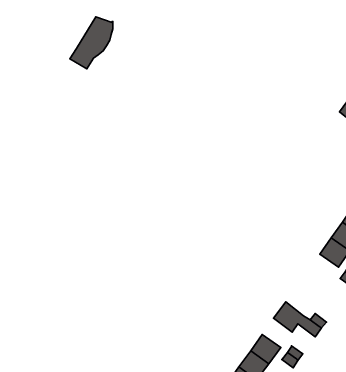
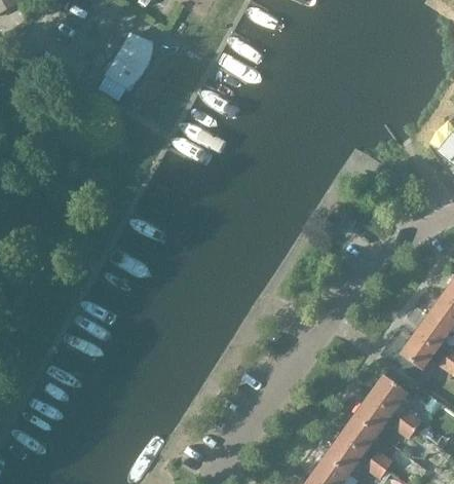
building: none -> [401,332,438,367]
building: none -> [371,372,409,410]
building: none -> [341,413,379,450]

